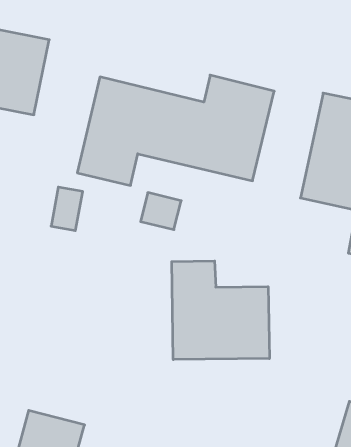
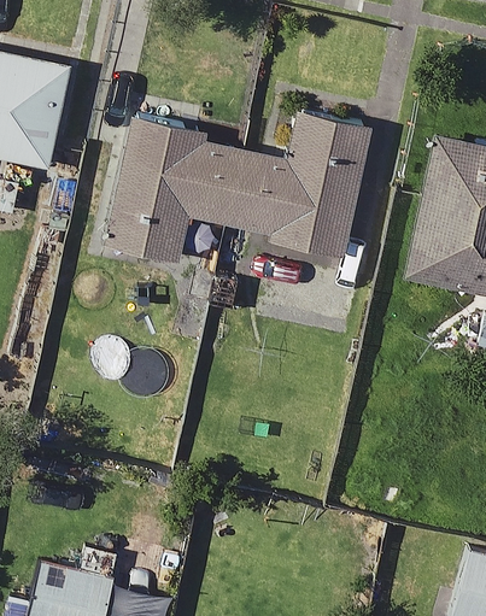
building: [172,261,269,360] -> none

